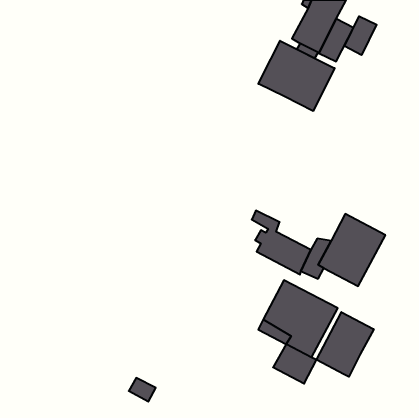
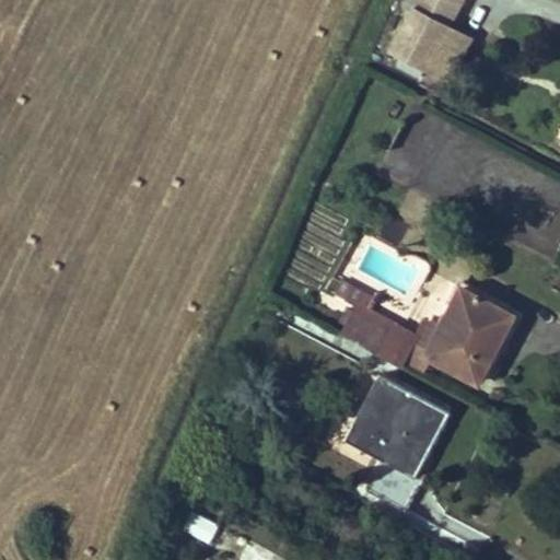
building: [344,16,377,55] -> none
building: [258,41,335,111] -> none
building: [317,312,374,377] -> none

